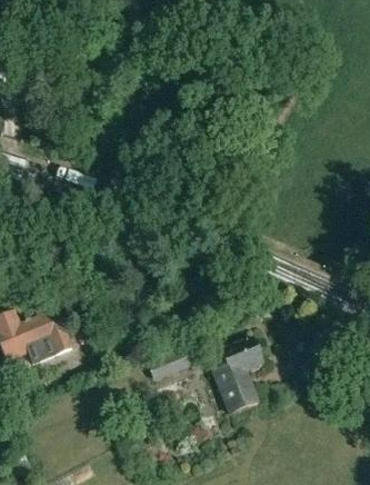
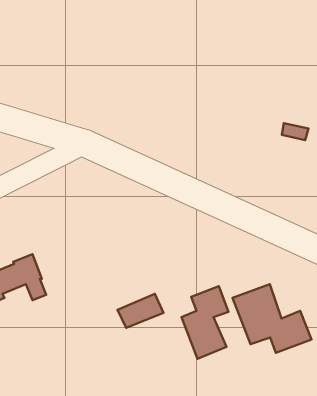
building: none -> [232,284,312,353]

